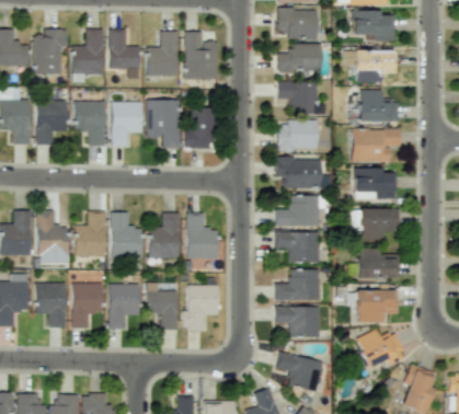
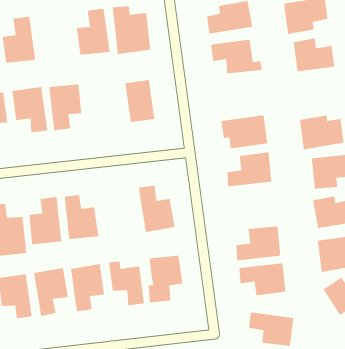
building: [108,30,140,69] -> none
building: [147,100,181,148] -> none
building: [276,120,318,151] -> none
building: [352,128,400,163] -> none
building: [148,212,180,258] -> none
building: [275,232,320,263] -> none

